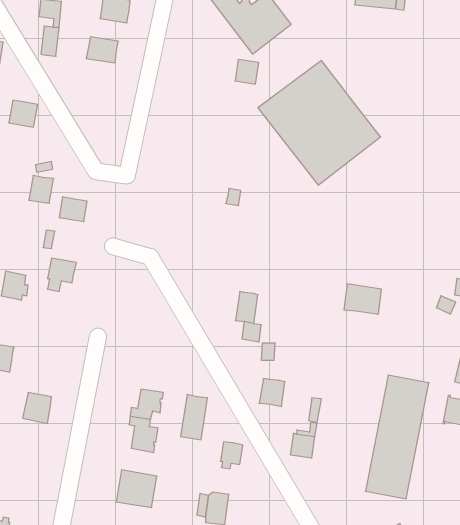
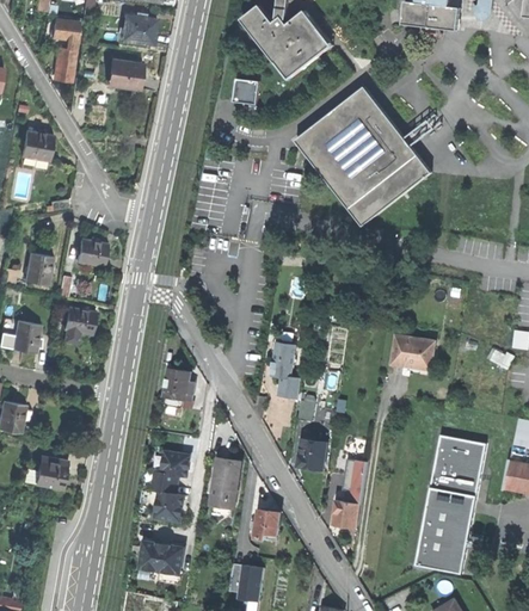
building: [235,59,259,84] -> [234,76,260,104]
building: [29,175,54,203] -> [23,252,50,283]
building: none -> [162,366,195,407]

